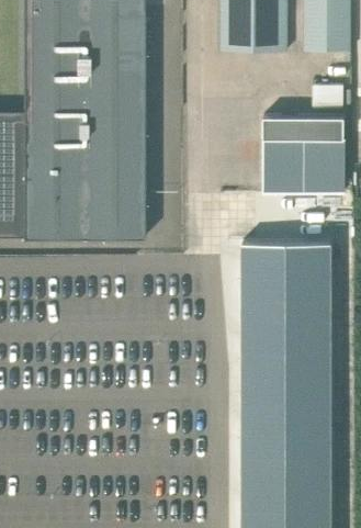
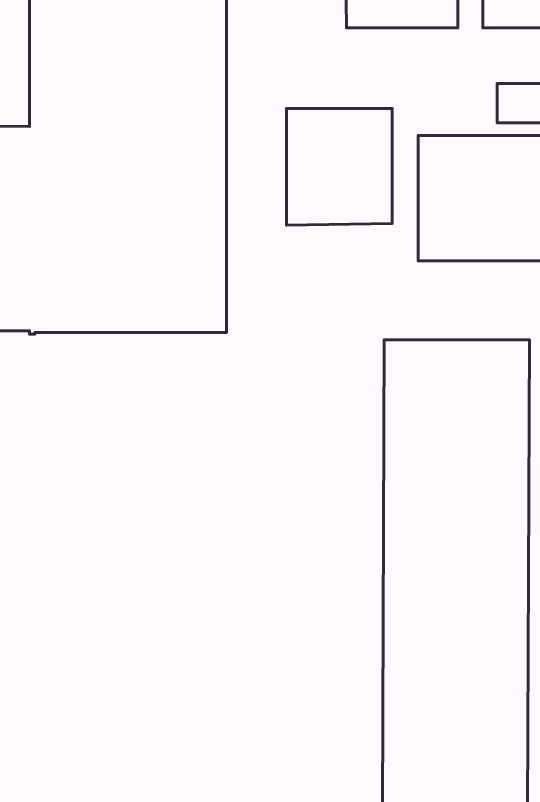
building: none -> [287,108,392,225]

